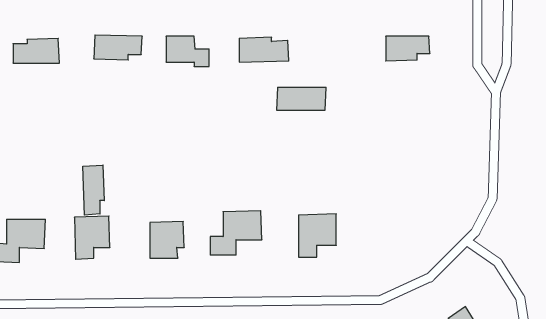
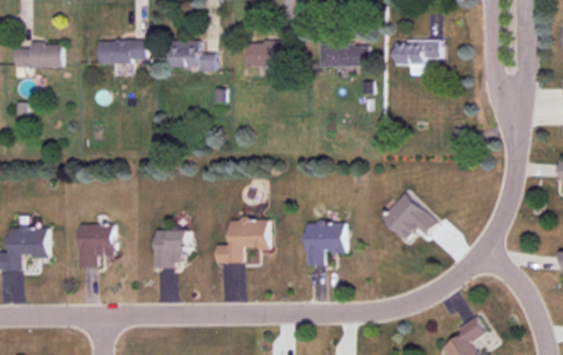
building: [277,87,326,110] -> [318,44,368,67]
building: [83,165,104,215] -> none
building: none -> [380,192,438,242]

